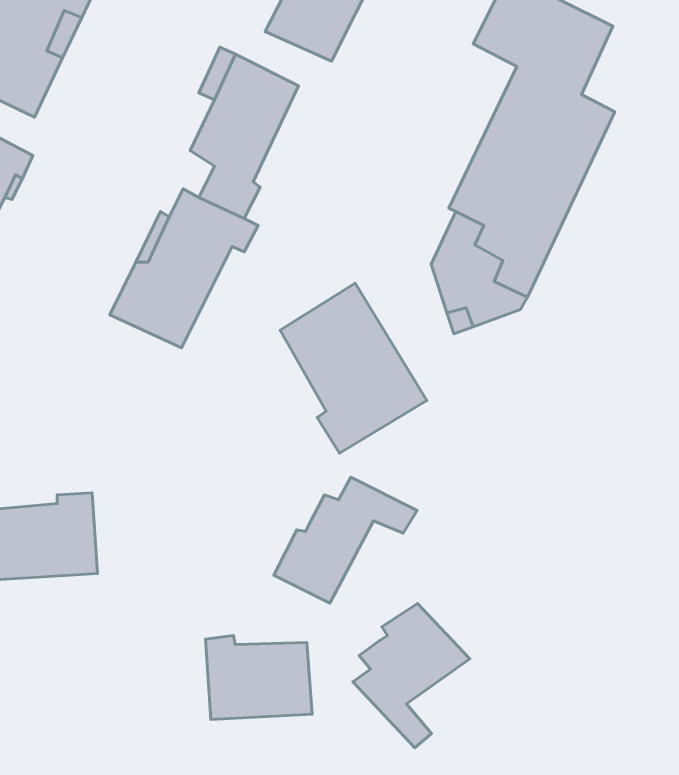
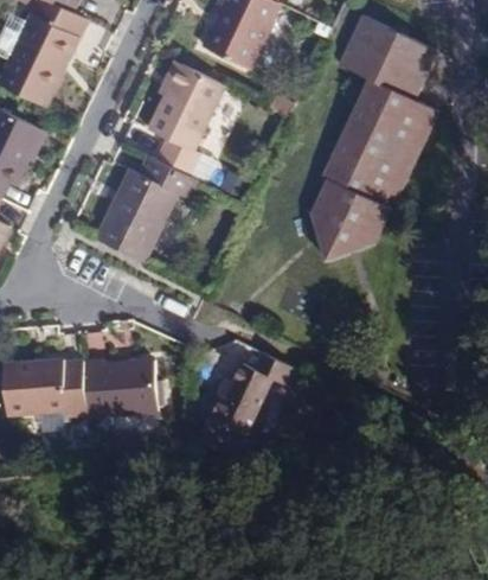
building: [280,283,427,453] -> none
building: [353,603,470,748] -> none
building: [205,636,312,719] -> [85,358,158,415]

